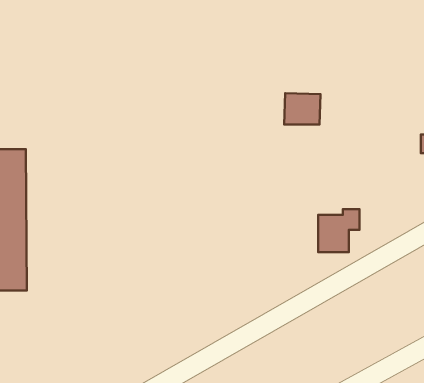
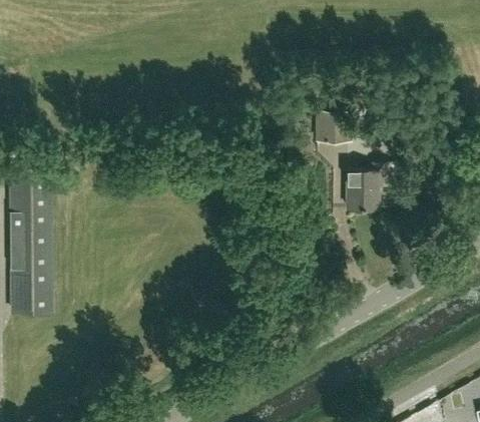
building: [318,209,360,252] -> [347,165,389,209]

